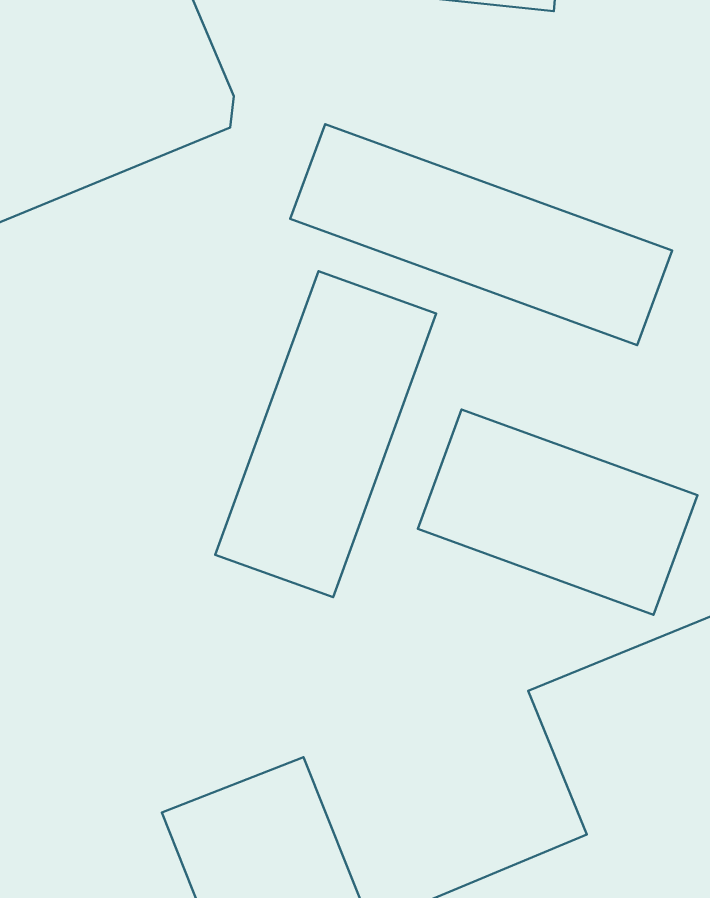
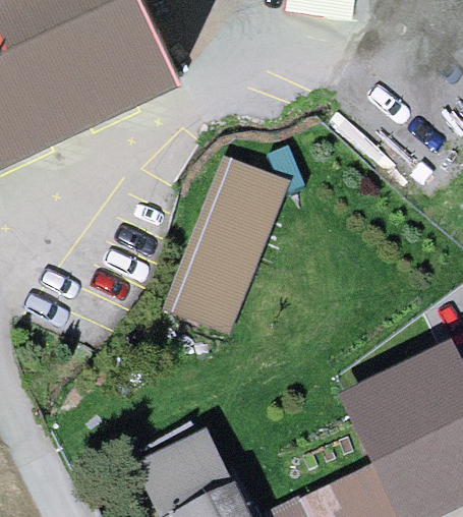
building: [290,124,672,345] -> none
building: [418,409,697,615] -> none

